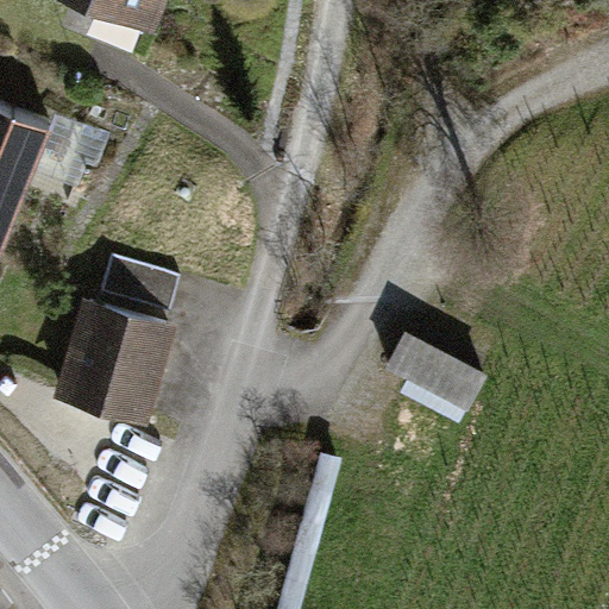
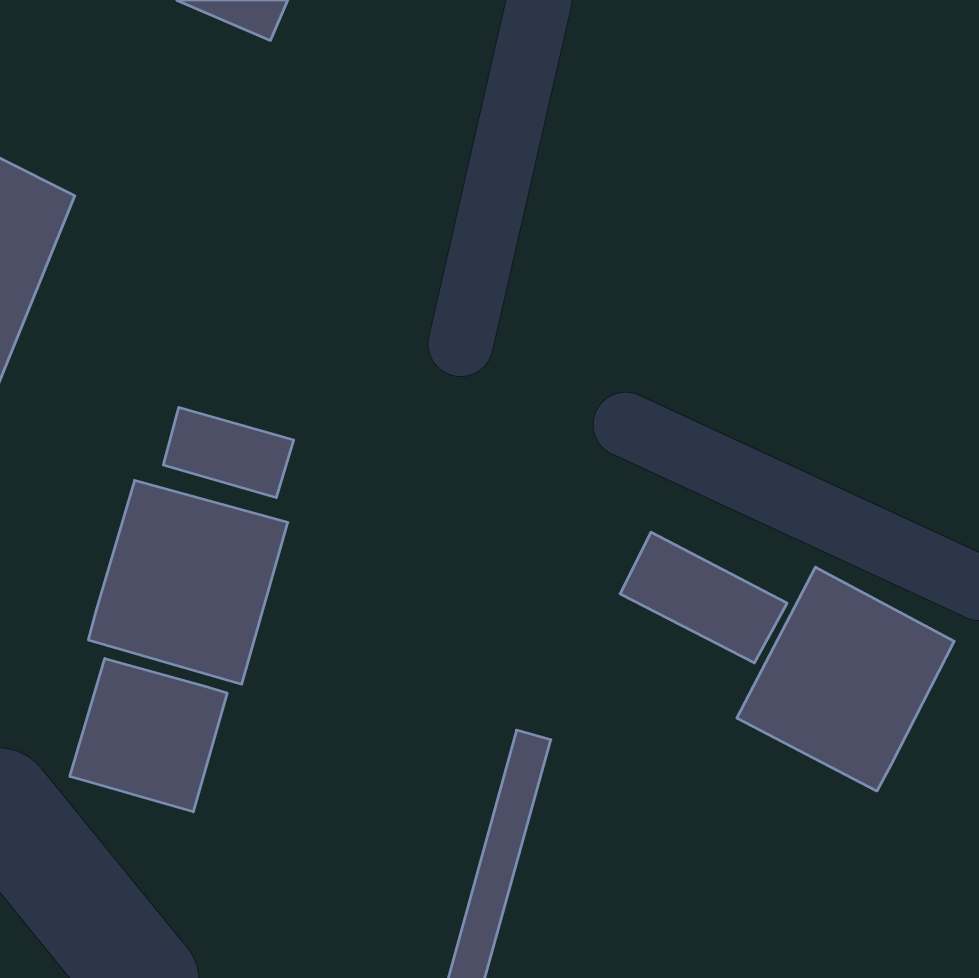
building: none -> [737,567,954,791]
building: none -> [70,658,227,812]

